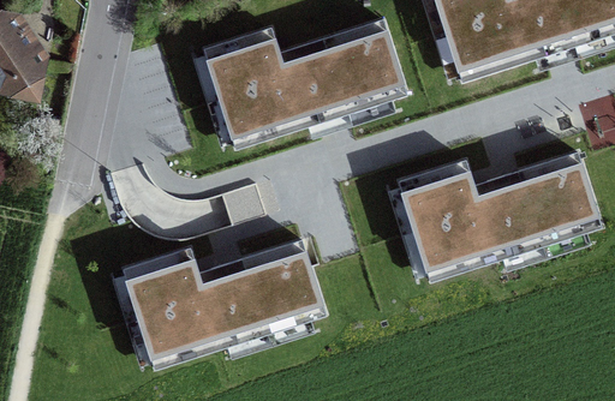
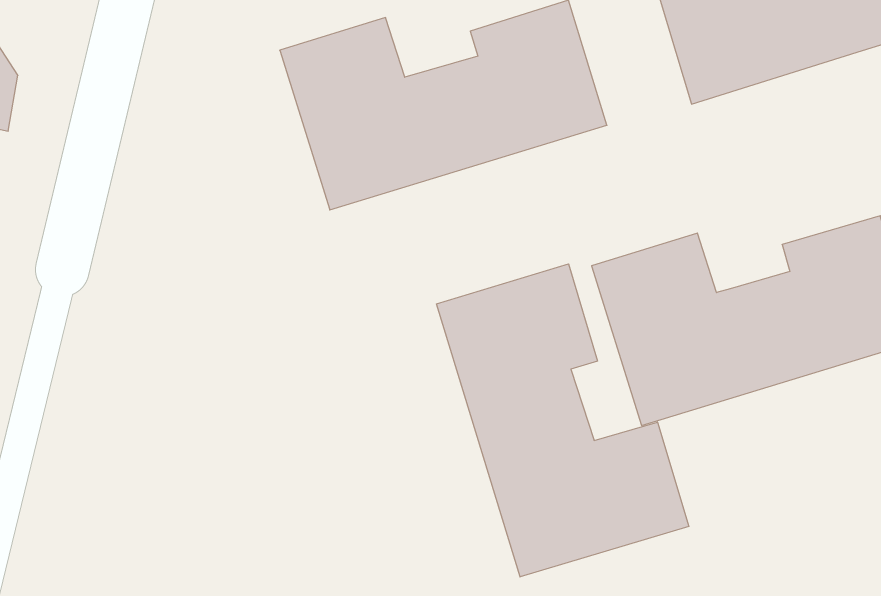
building: none -> [437,264,689,577]
building: [123,238,326,369] -> none

